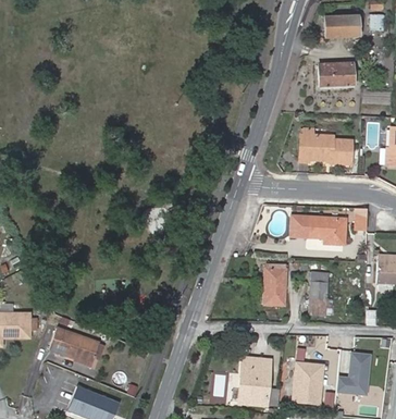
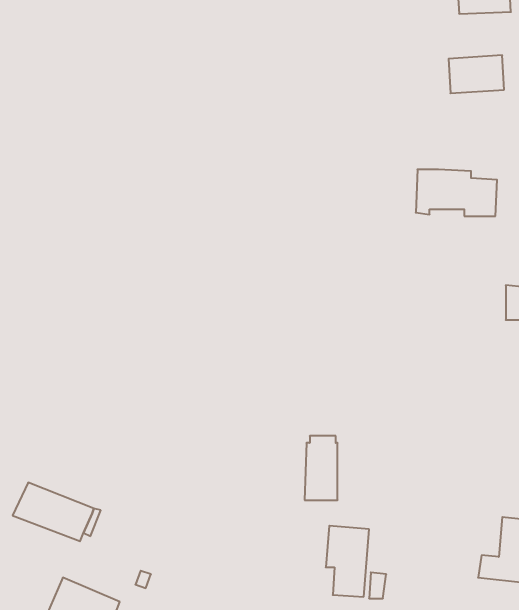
building: [292,215,346,244] -> none
building: [264,263,285,304] -> [305,436,338,500]
building: [310,282,326,315] -> none
building: [293,363,322,403] -> none

